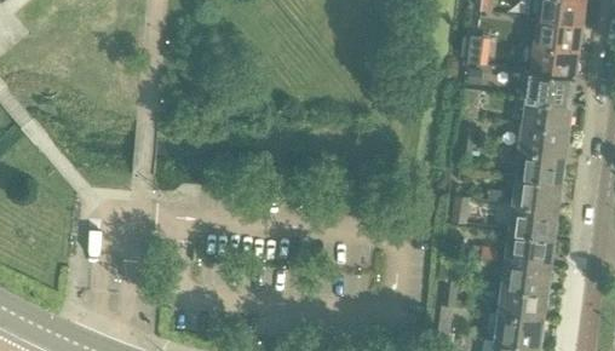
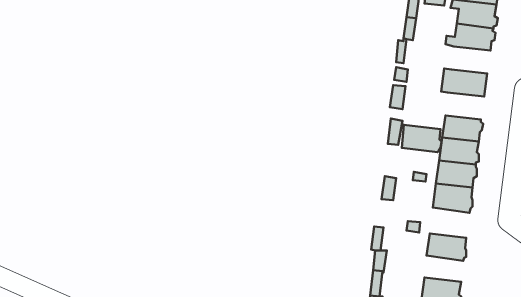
building: [530,57,576,88] -> none
building: [523,110,569,142] -> [402,125,442,152]
building: [505,243,552,278] -> none
building: [499,299,546,329] -> none

